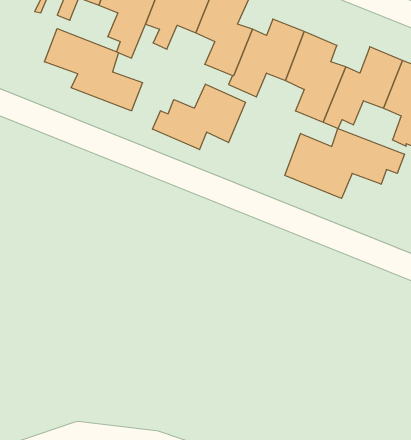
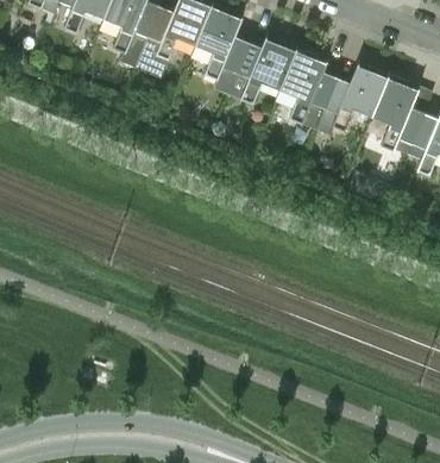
building: [44,29,142,111] -> none
building: [153,84,246,150] -> none
building: [285,128,404,198] -> none

